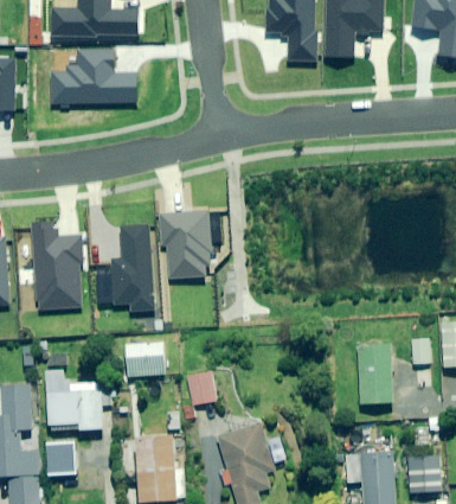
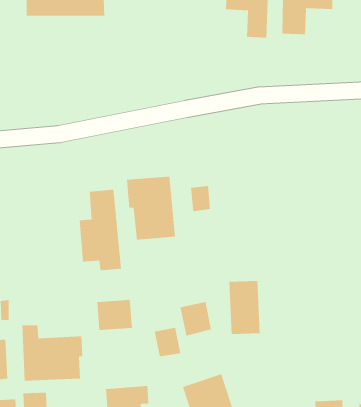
building: [51,51,135,102] -> none
building: [31,219,82,311] -> none
building: none -> [191,185,210,212]
building: none -> [180,301,211,336]
building: [358,345,392,403] -> [228,281,260,335]

